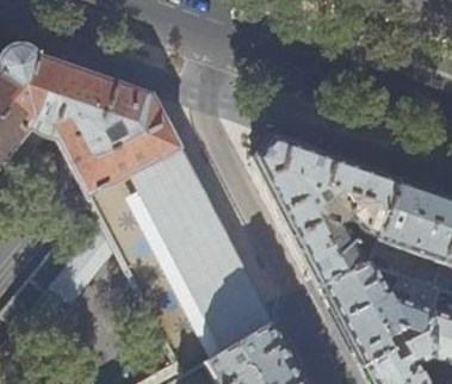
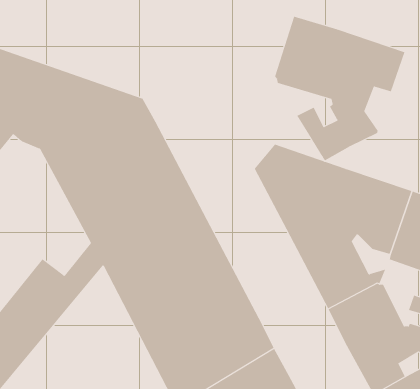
building: none -> [274,16,405,161]

